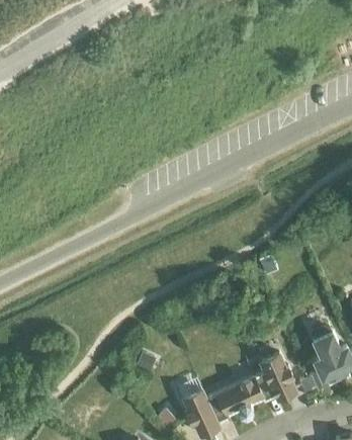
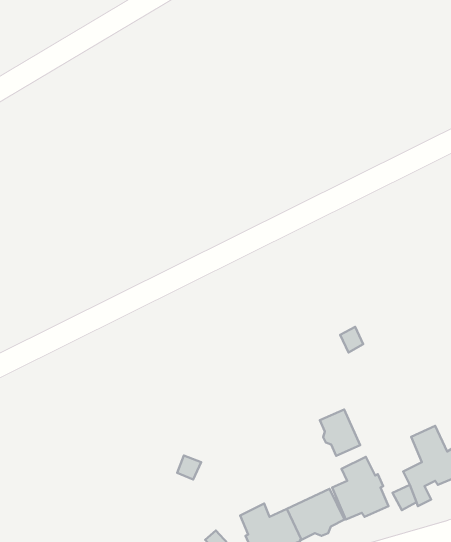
building: none -> [320,409,360,456]

